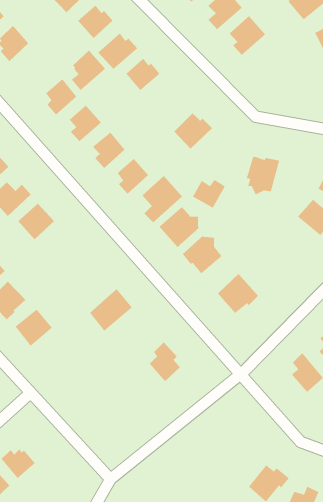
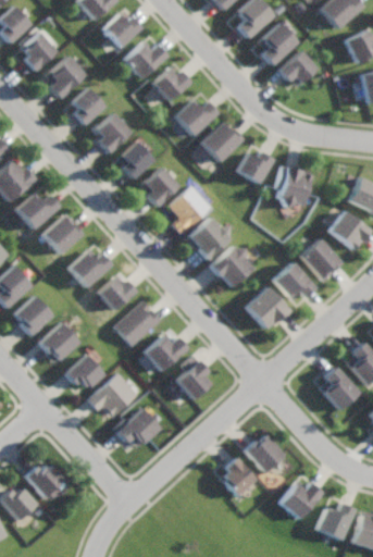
building: none -> [279,52,316,86]
building: [71,50,106,91] -> [49,57,85,99]
building: none -> [174,100,216,135]
building: [192,179,226,209] -> [236,153,271,184]
building: none -> [300,240,340,283]
building: none -> [70,250,111,287]
building: none -> [274,264,315,302]
building: none -> [100,277,137,310]
building: none -> [144,334,187,372]
building: none -> [67,356,105,388]
building: none -> [89,373,138,418]
building: none -> [115,409,160,447]
building: none -> [244,437,282,473]
building: none -> [222,458,253,497]

